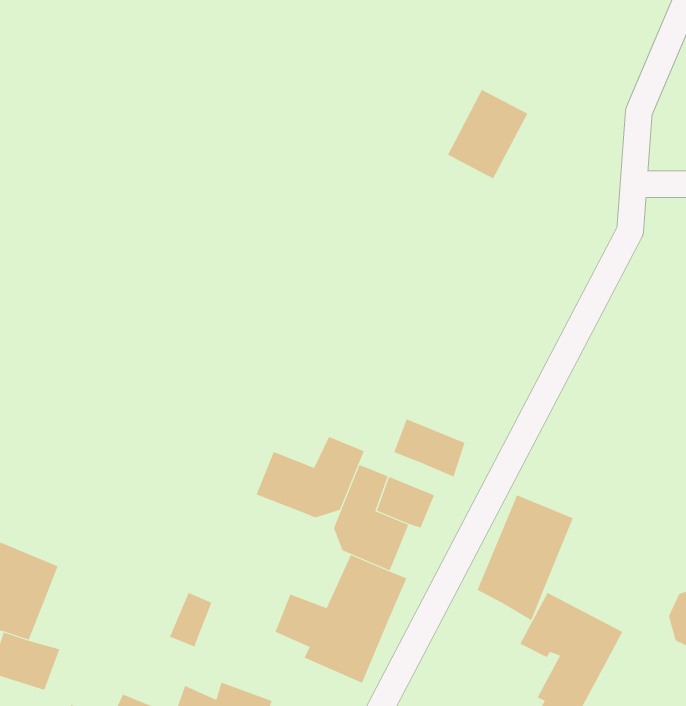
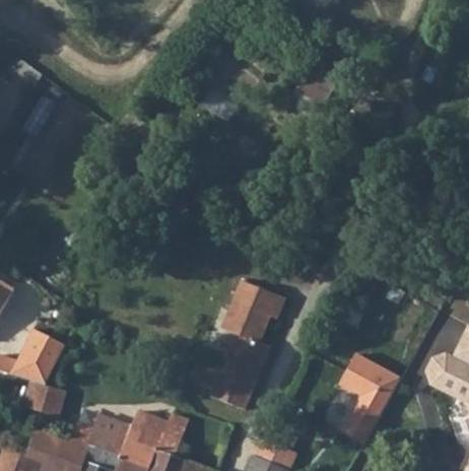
building: [394,419,465,478] -> none
building: [256,436,364,518] -> none
building: [477,495,574,621] -> none

